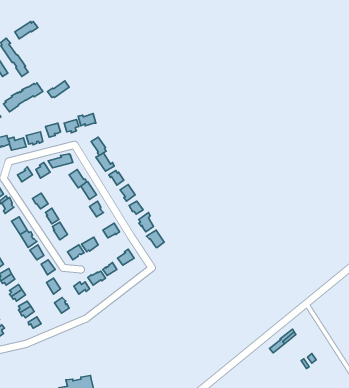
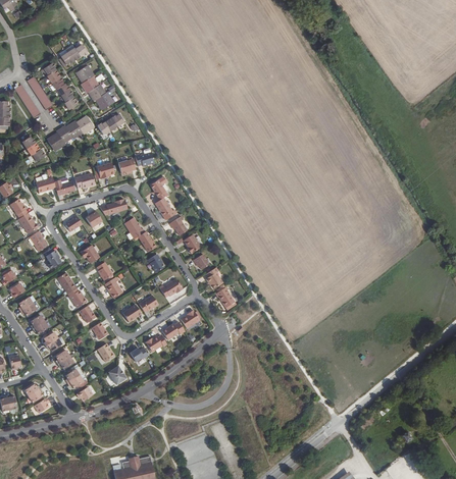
building: none -> [78,64,113,107]

